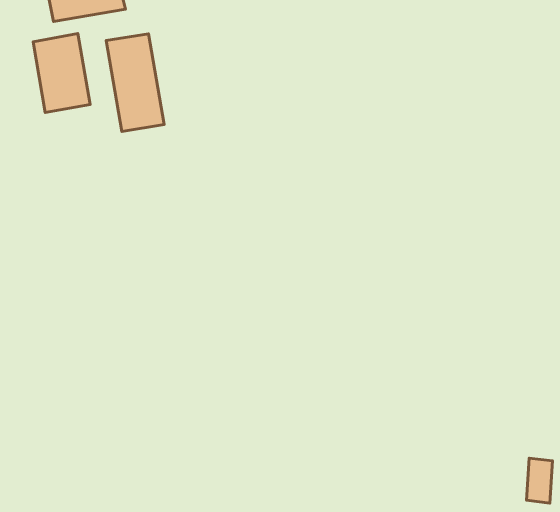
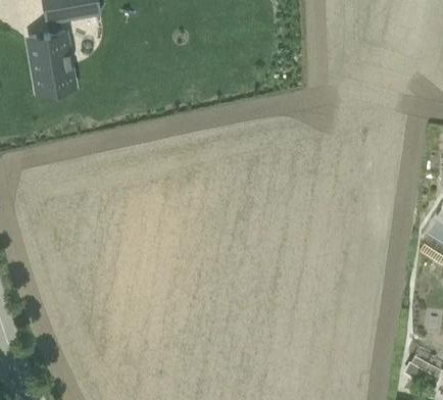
building: [106,34,164,131] -> none

